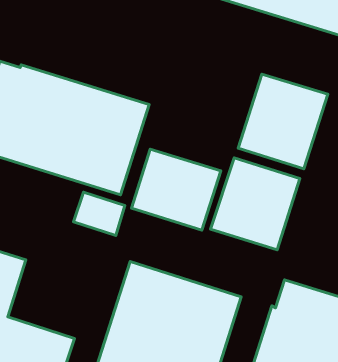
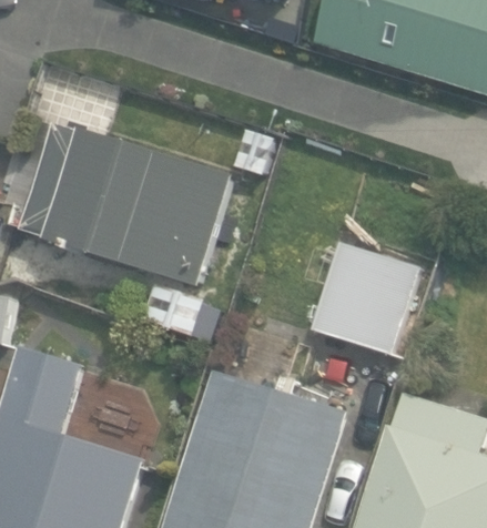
building: [238,74,328,169] -> none
building: [132,149,221,230] -> none

